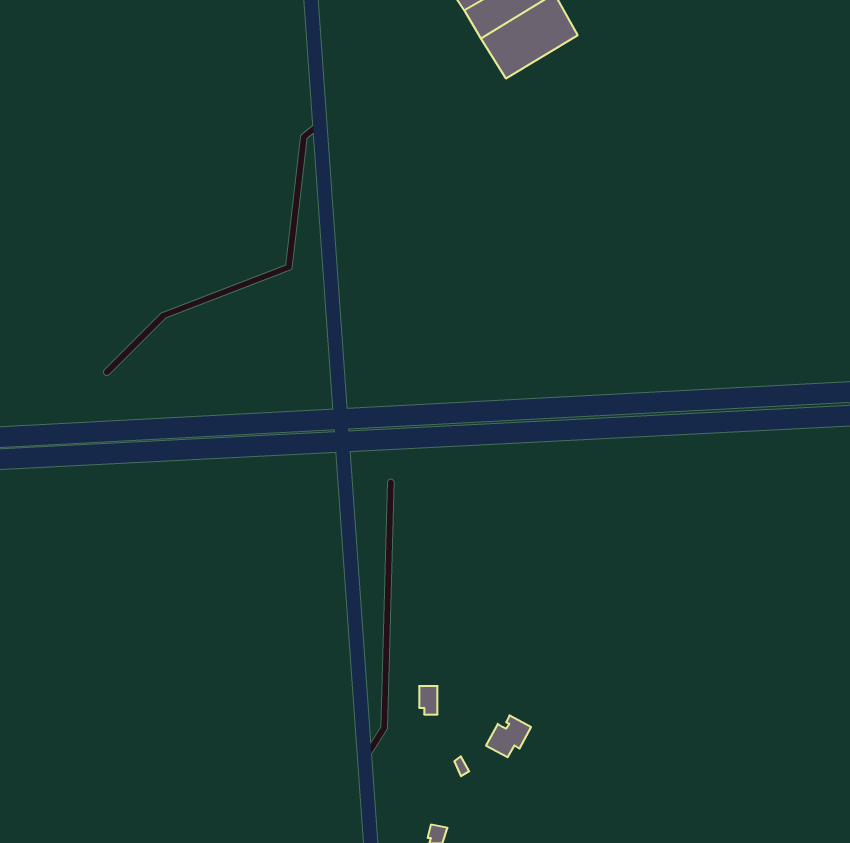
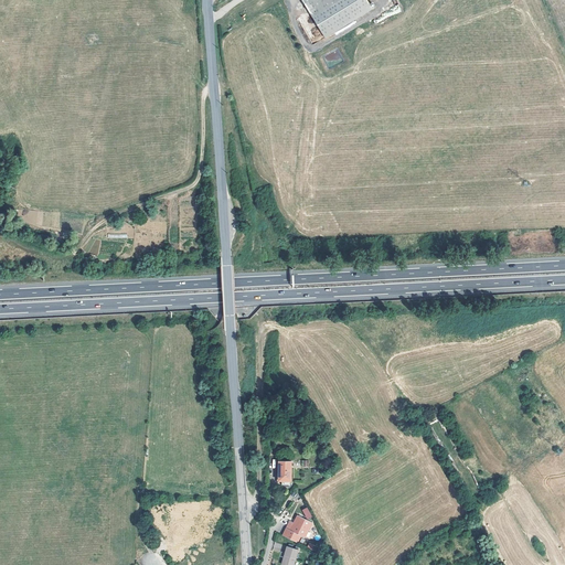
building: [486,715,531,757] -> [279,513,309,541]

